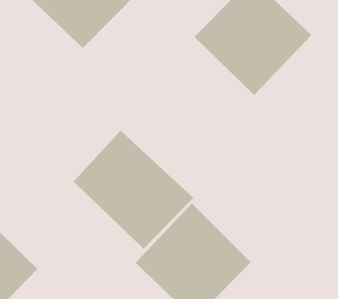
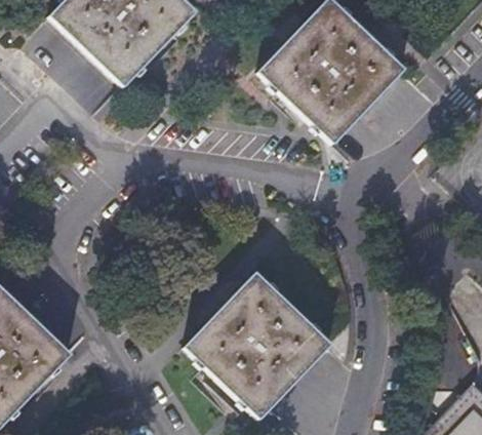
building: [73,130,194,250] -> none

